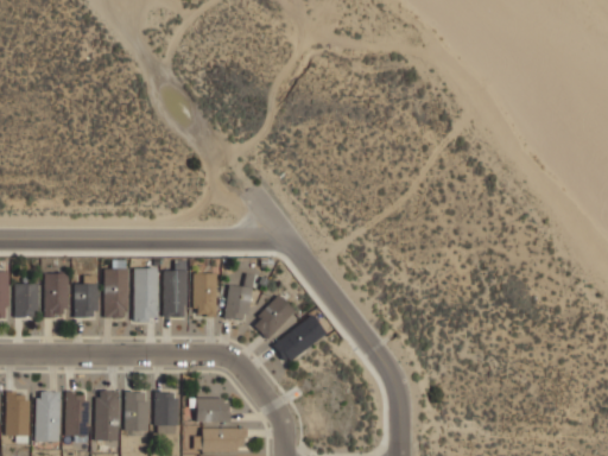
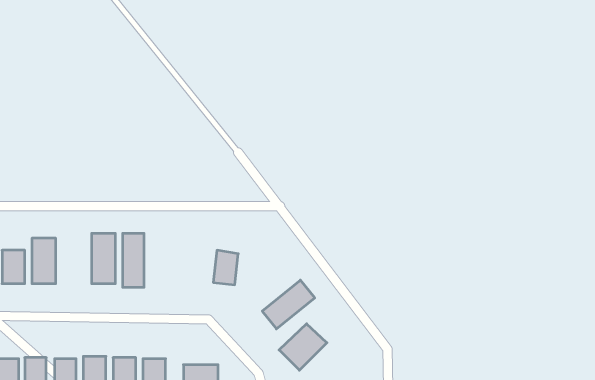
building: [164,261,188,317] -> none
building: [195,273,222,315] -> none
building: [75,285,99,318] -> none
building: [252,296,299,342] -> [279,324,327,370]

